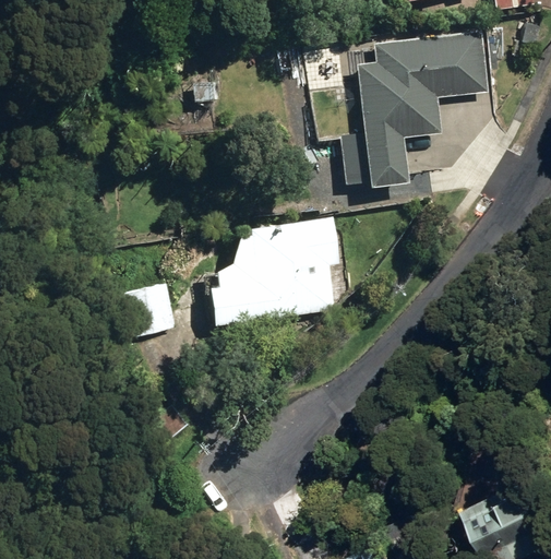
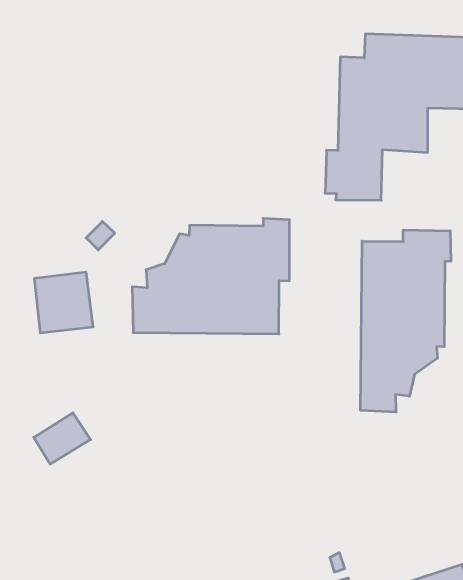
building: none -> [361,230,451,412]

